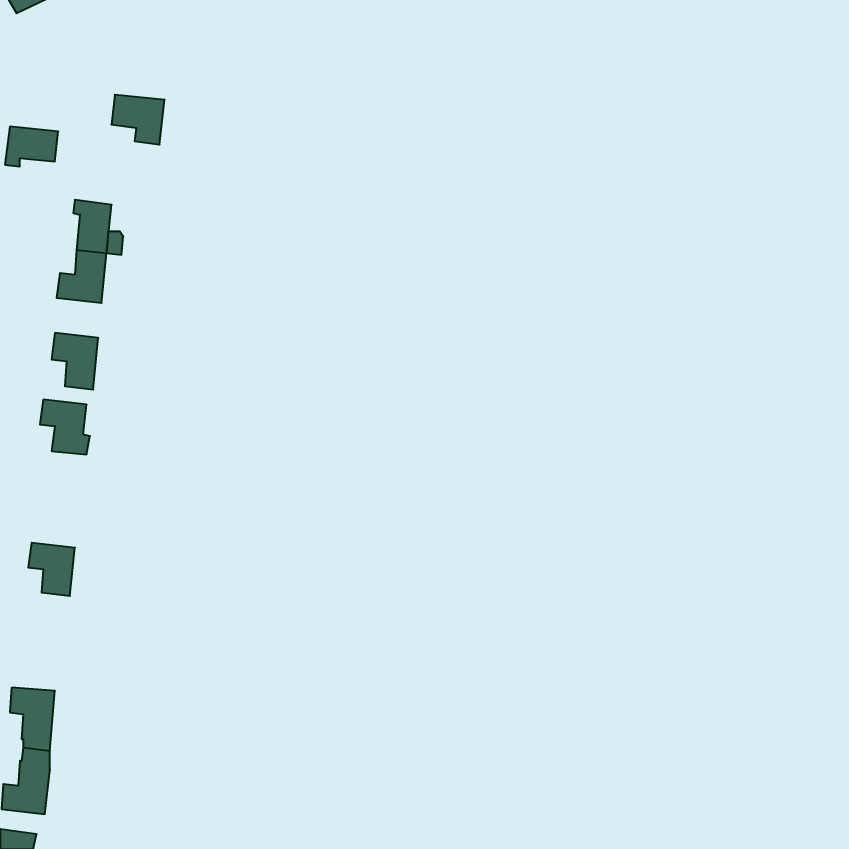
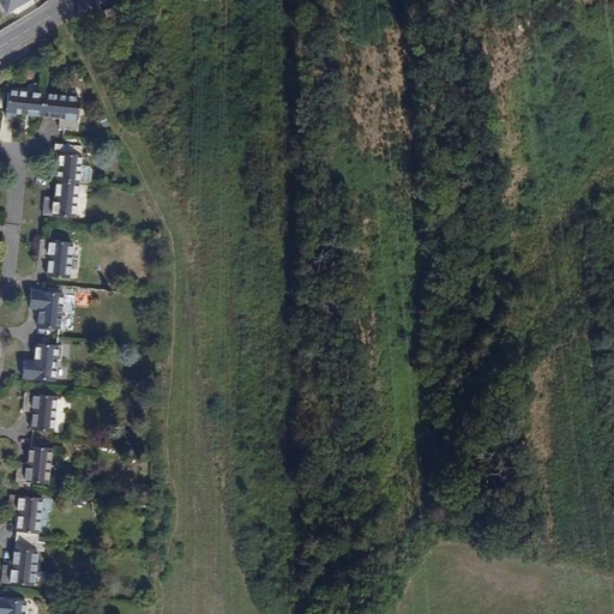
building: [111,95,165,145] -> [41,95,79,131]
building: none -> [22,339,62,378]
building: none -> [14,446,49,483]

